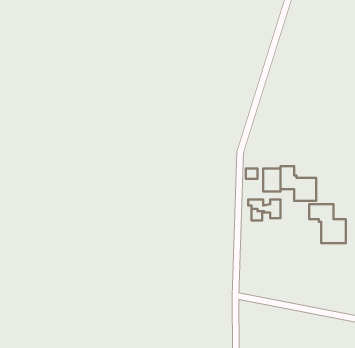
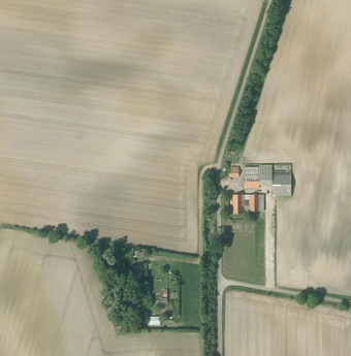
building: [309,204,346,243] -> none

